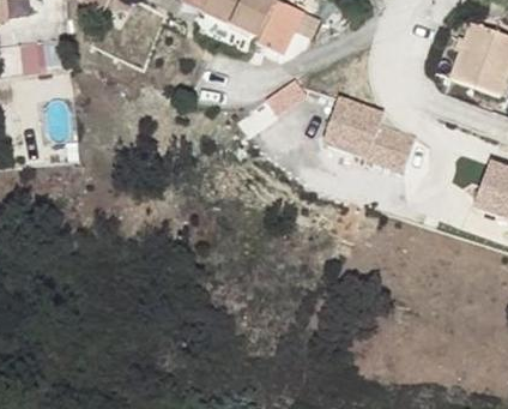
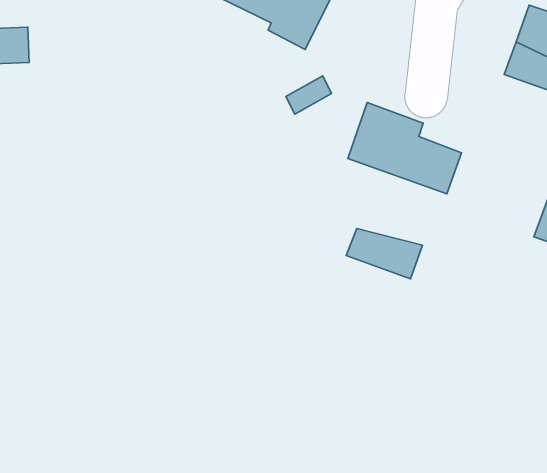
building: none -> [346,229,422,279]

